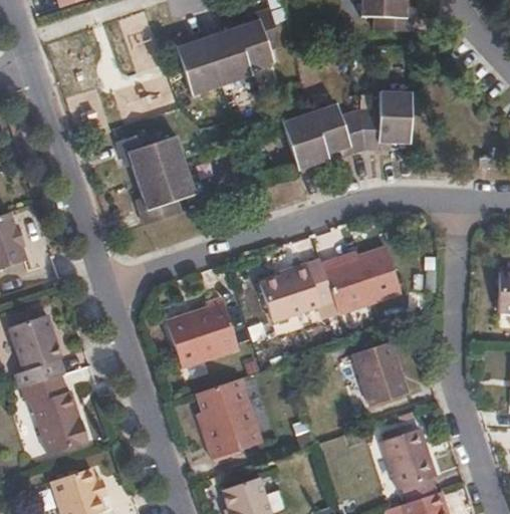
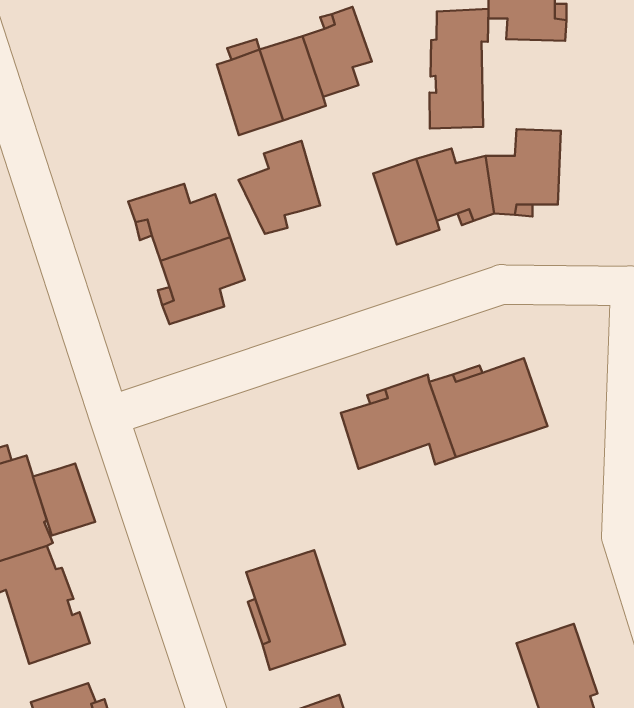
building: none -> [430,9,488,129]
building: none -> [238,141,320,234]
building: [166,297,238,367] -> none
building: none -> [33,463,95,536]
building: [353,340,409,406] -> none

